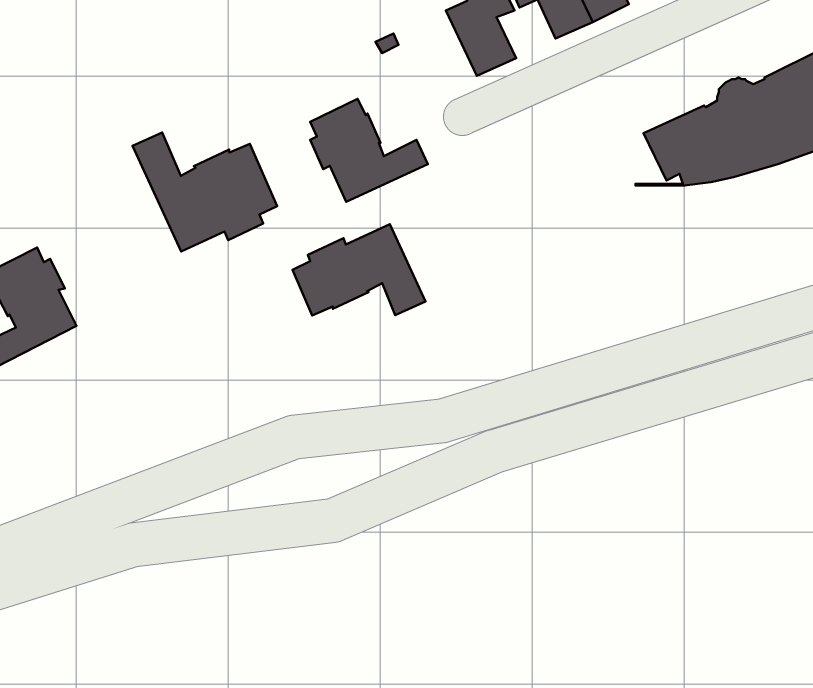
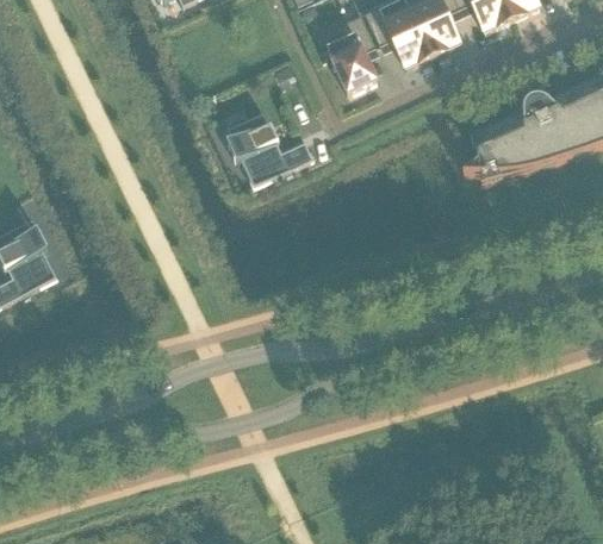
building: [132,132,277,252] -> none
building: [292,224,425,315] -> none

